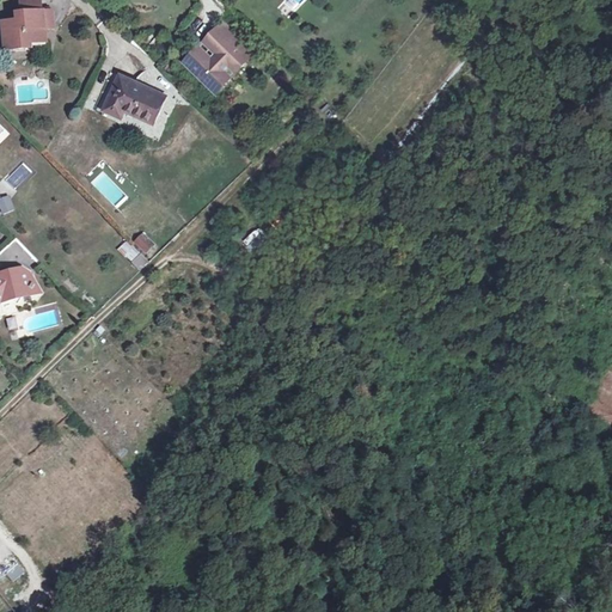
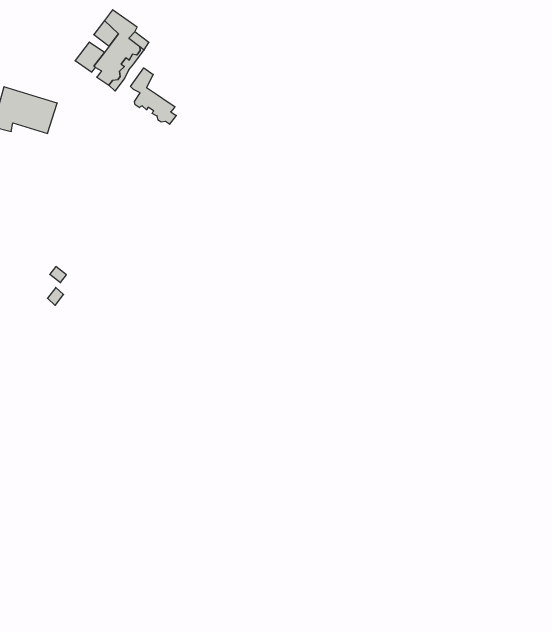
building: none -> [131,68,176,124]

